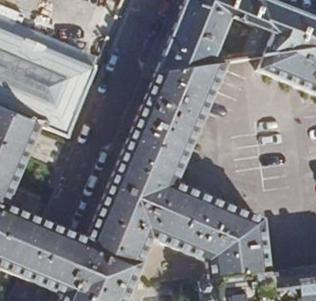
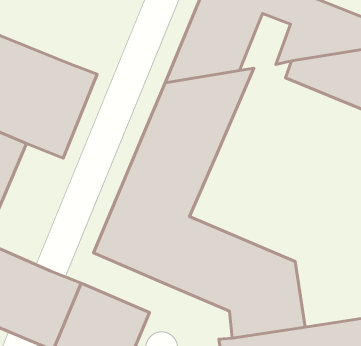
building: [85,214,151,263] -> none

